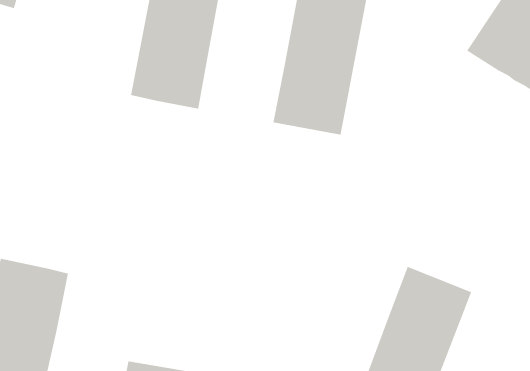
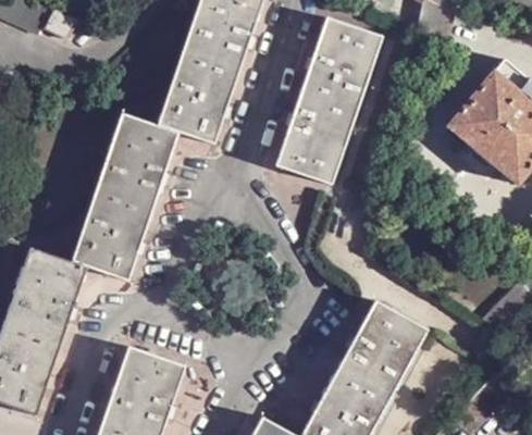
building: none -> [70,113,178,283]

